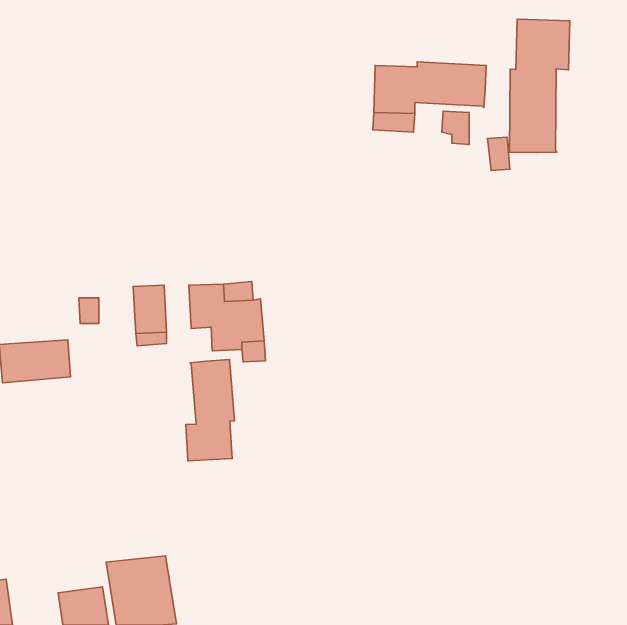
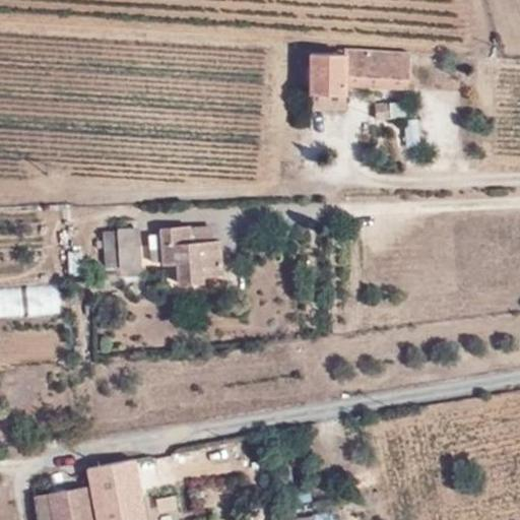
building: [509,19,570,152] -> none
building: [186,359,235,461] -> none

